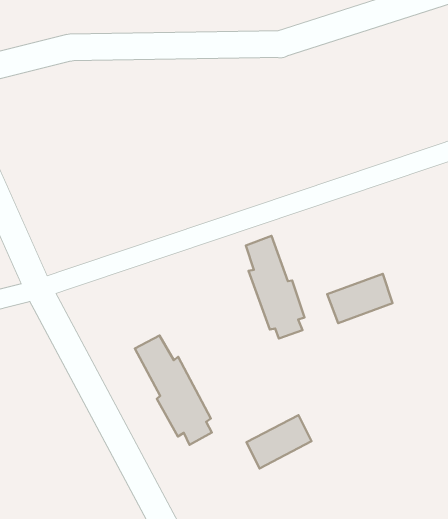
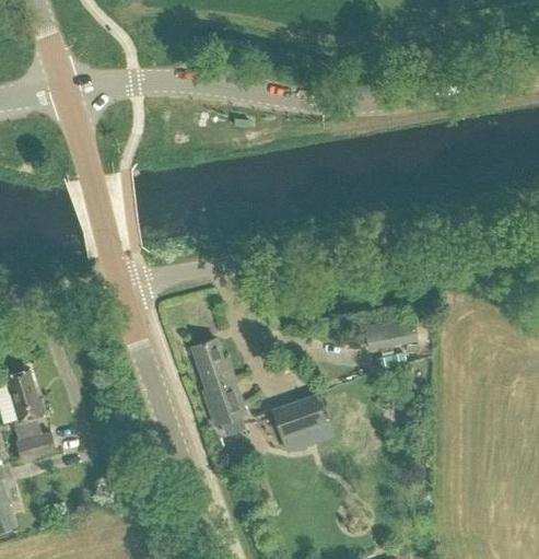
building: [246,236,304,338] -> none
building: none -> [271,395,325,436]

